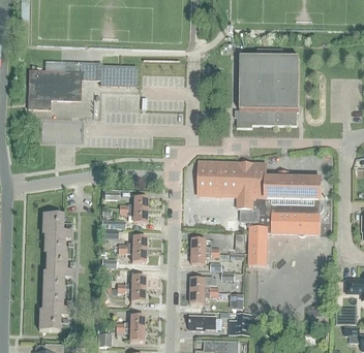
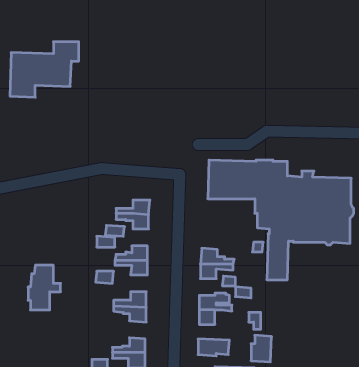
building: [235,47,299,126] -> none
building: [96,62,136,85] -> none
building: [42,213,70,252] -> none
building: [38,290,68,329] -> none

